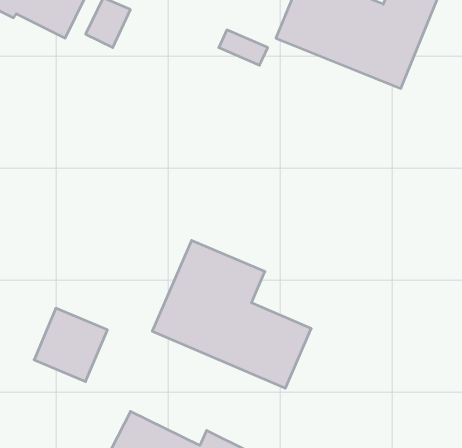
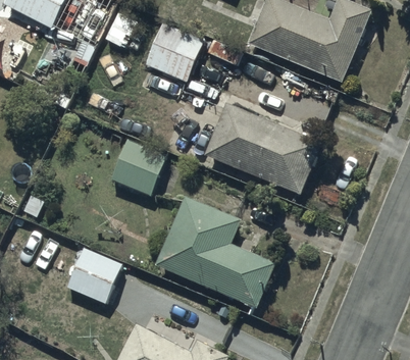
building: none -> [144,23,202,82]
building: none -> [205,102,321,194]
building: none -> [110,139,165,196]

